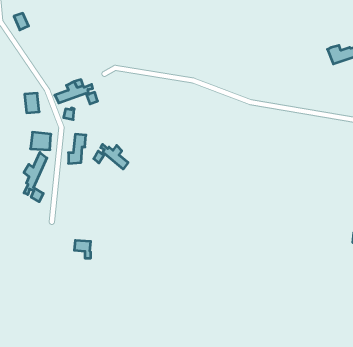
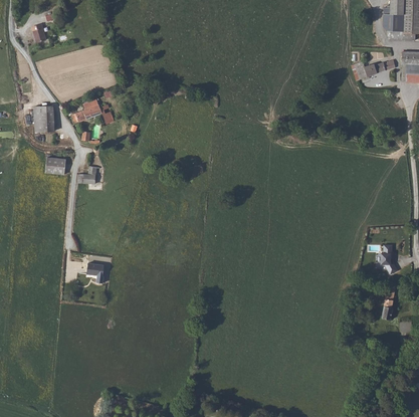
building: [94,144,128,169] -> none
building: [24,152,47,202] -> none

